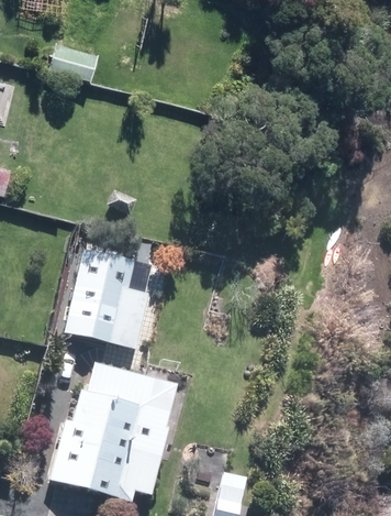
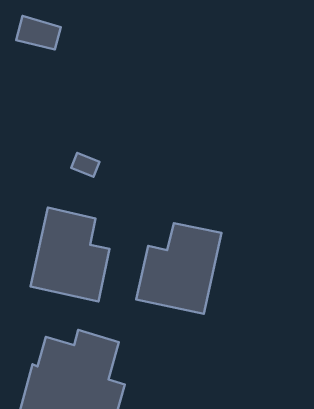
building: none -> [136,223,222,314]

